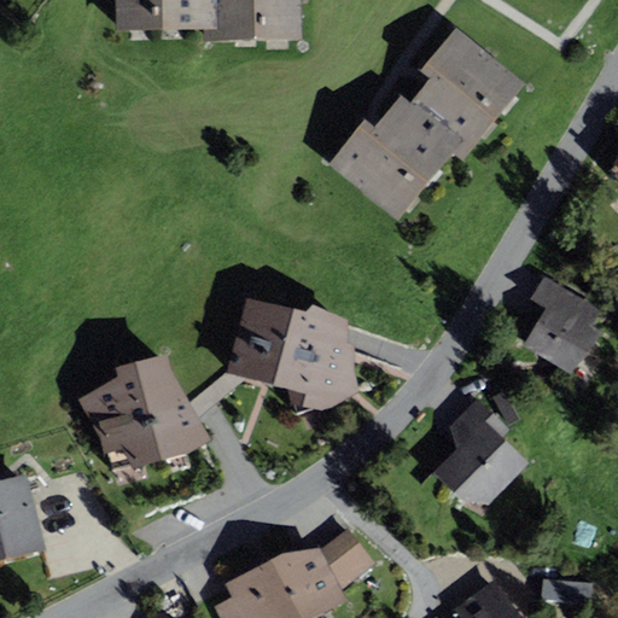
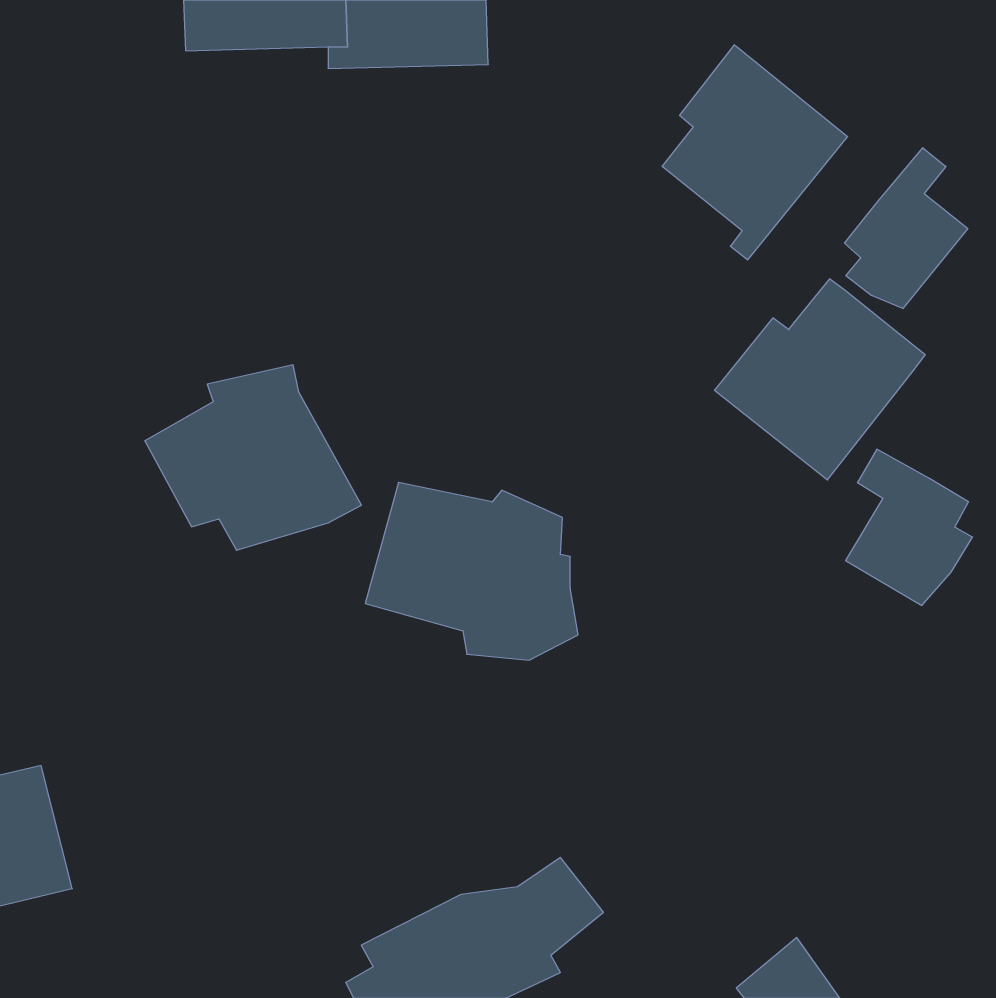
building: none -> [845,148,968,309]
building: [328,95,459,220] -> [714,279,925,480]
building: [75,354,209,468] -> [145,365,361,550]
building: [433,398,529,505] -> none

